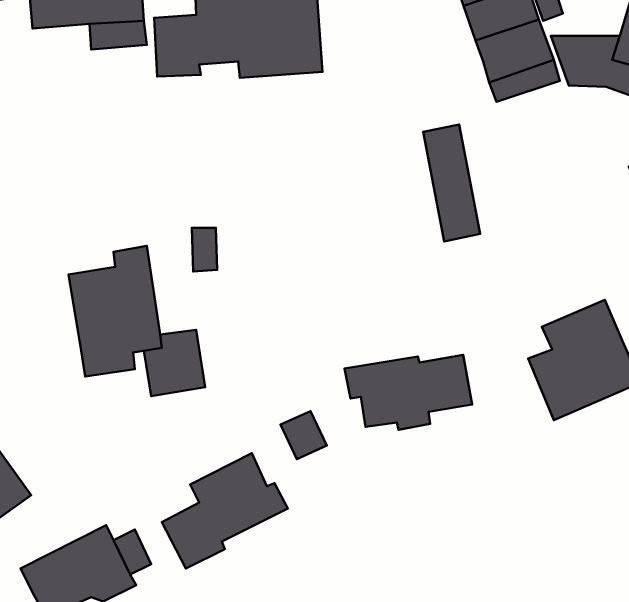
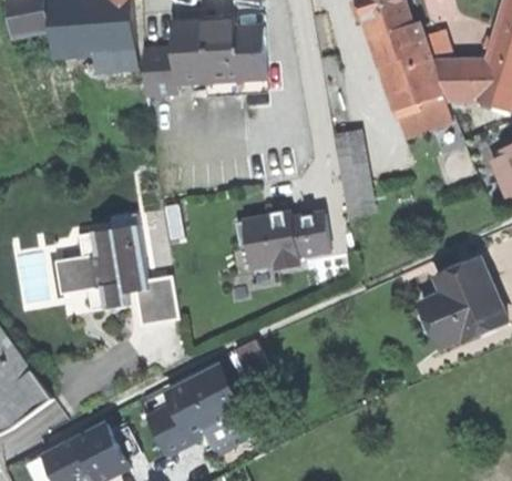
building: none -> [393,94,450,137]
building: none -> [53,258,86,296]
building: [344,355,472,430] -> [233,213,327,268]

